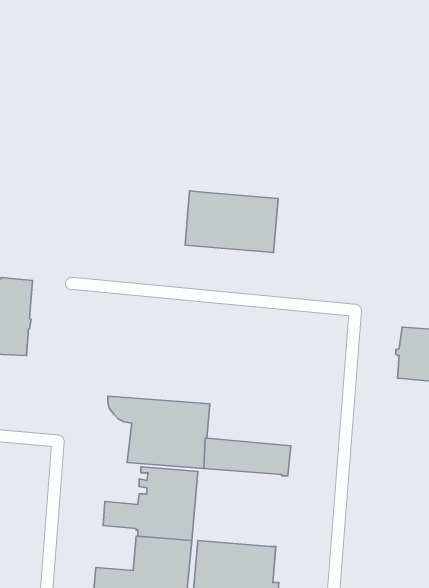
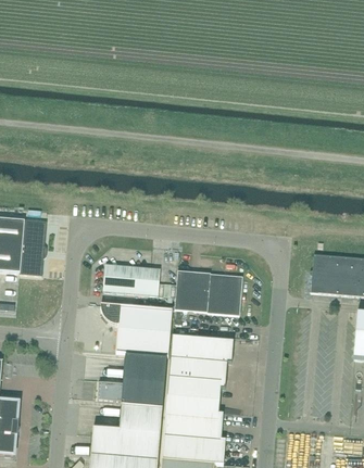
building: [185,191,278,253] -> [175,269,242,314]
building: none -> [103,263,160,294]
building: none -> [166,355,227,412]

